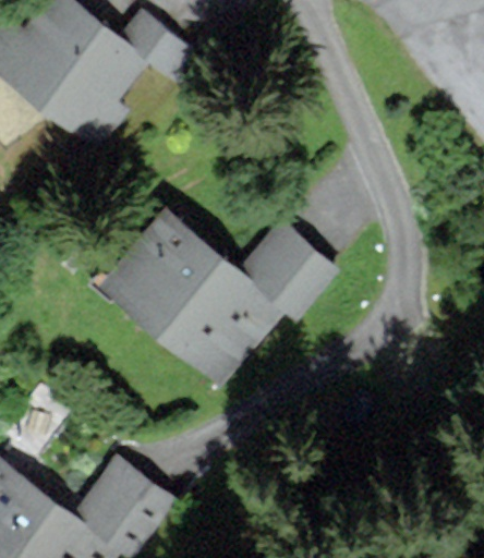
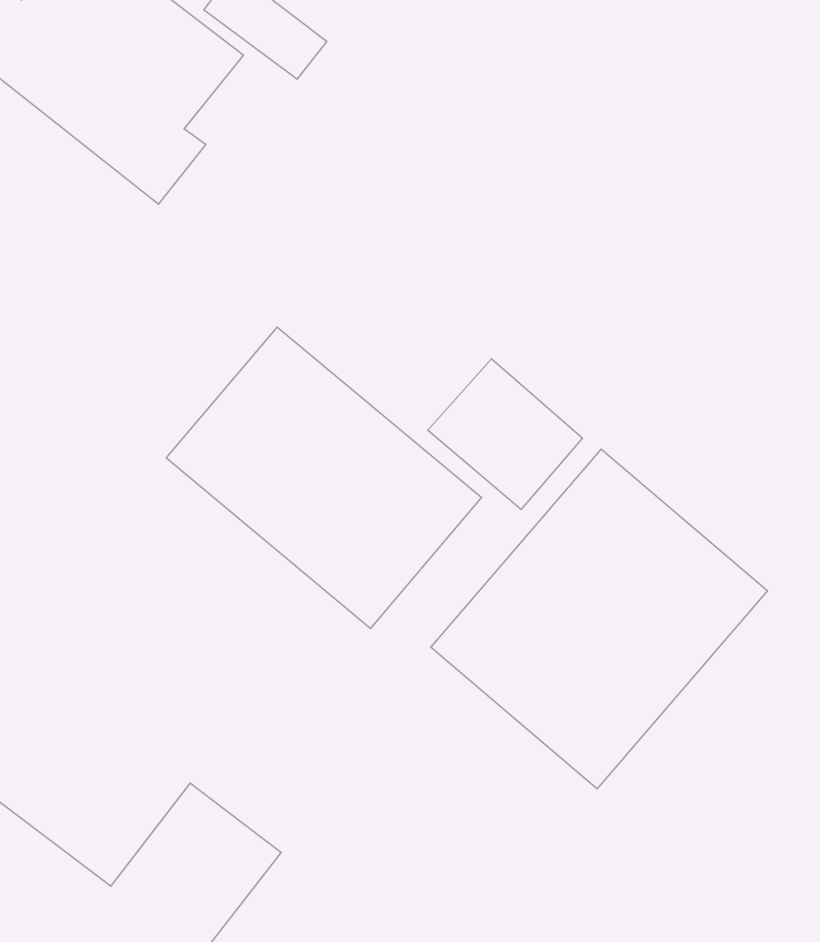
building: none -> [431,449,768,789]

